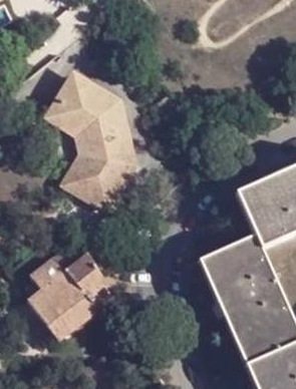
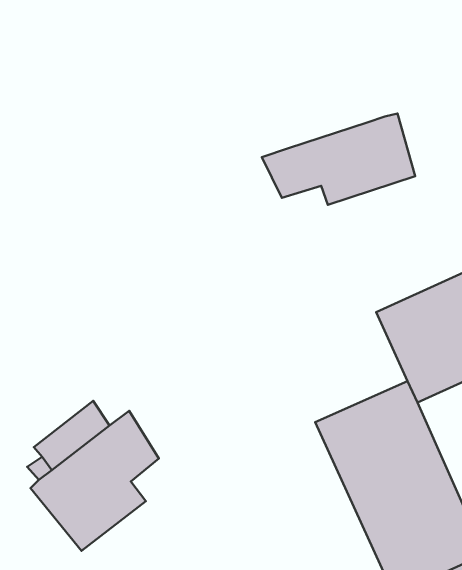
building: none -> [262,114,415,205]
building: [51,76,136,204] -> none

